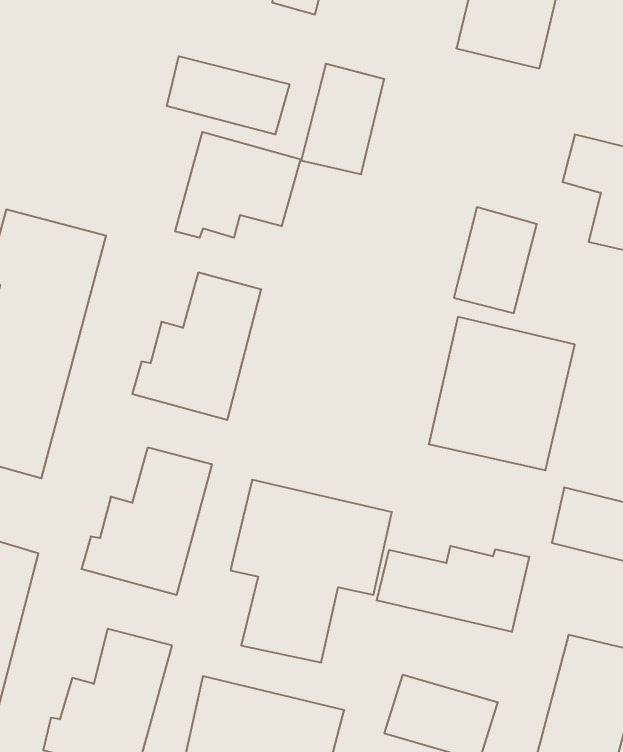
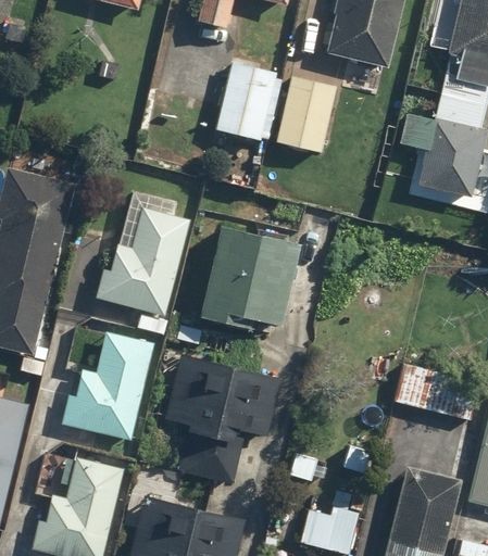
building: [167,56,289,135] -> none
building: [175,132,301,238] -> none
building: [454,207,537,313] -> [277,76,336,151]
building: [429,317,575,470] -> [198,226,301,334]
building: [377,546,529,632] -> none

